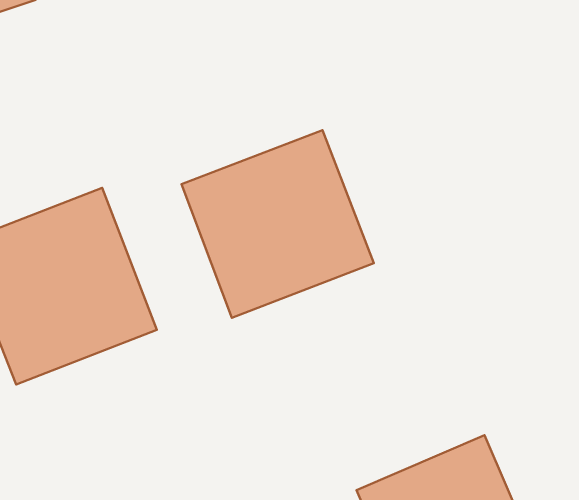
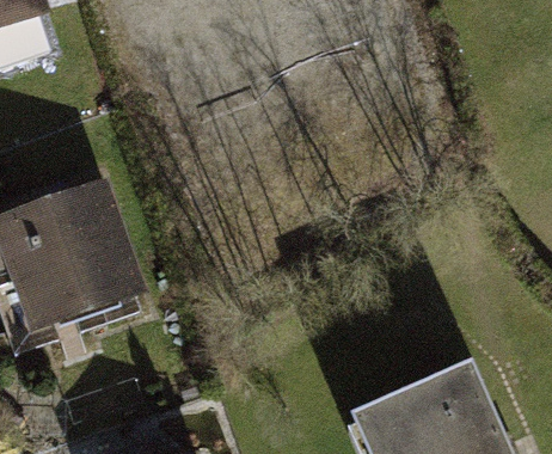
building: [182,130,374,318] -> none

